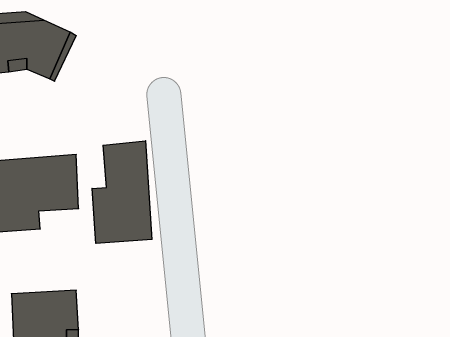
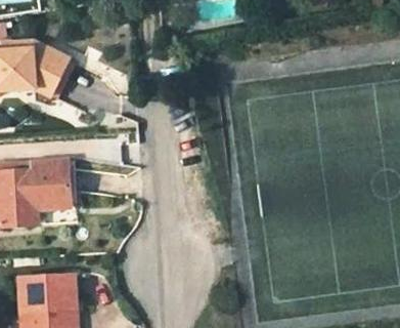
building: [92,141,152,243] -> none

